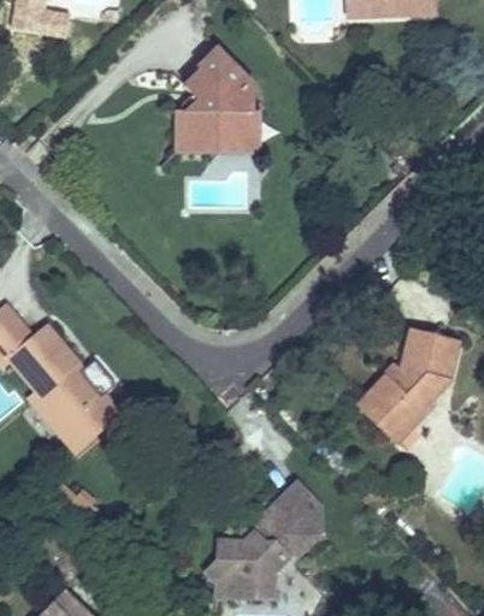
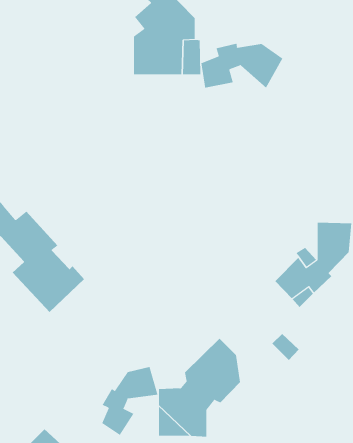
building: none -> [201,43,283,88]
building: none -> [102,366,158,436]

